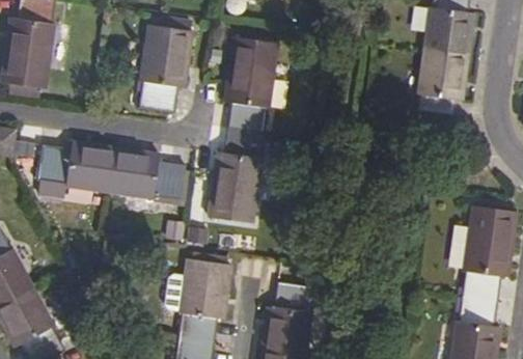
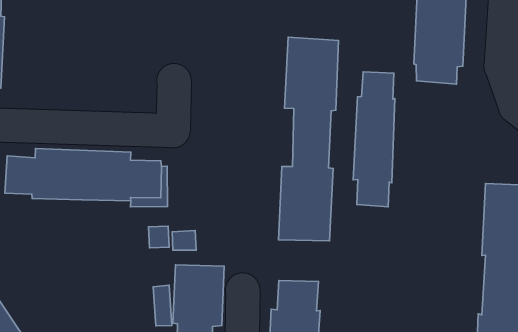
building: [141,23,192,109] -> none
building: [207,34,277,220] -> [278,37,338,241]
building: none -> [353,72,395,207]

